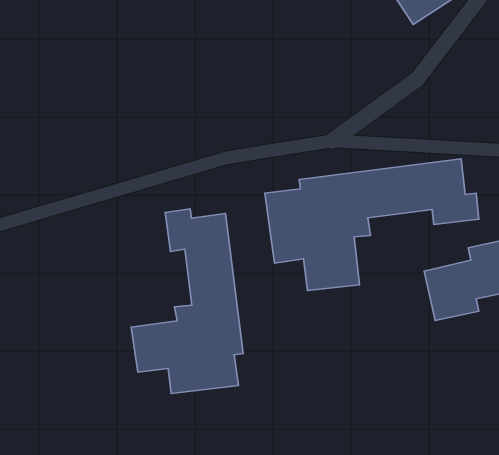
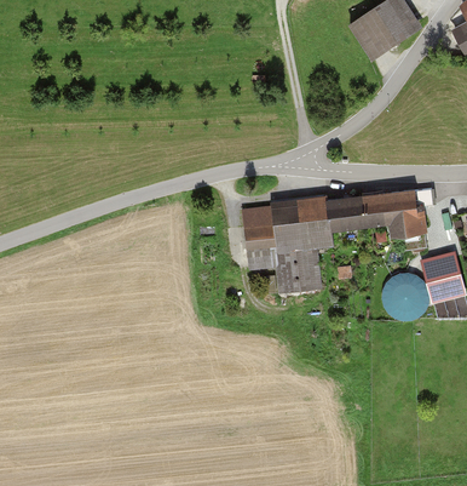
building: [131,209,243,393] -> none

